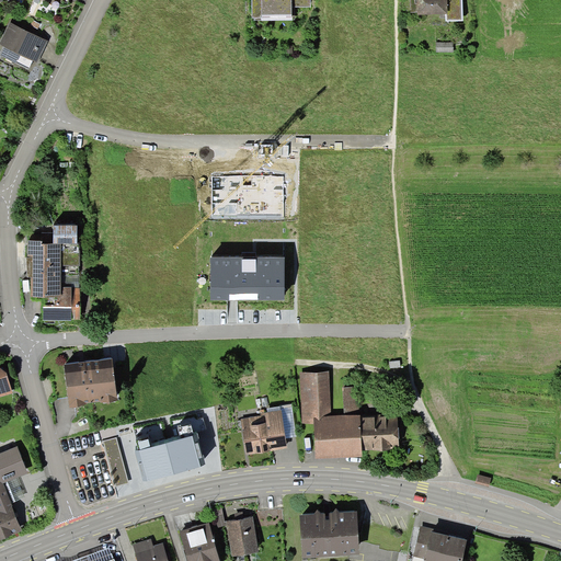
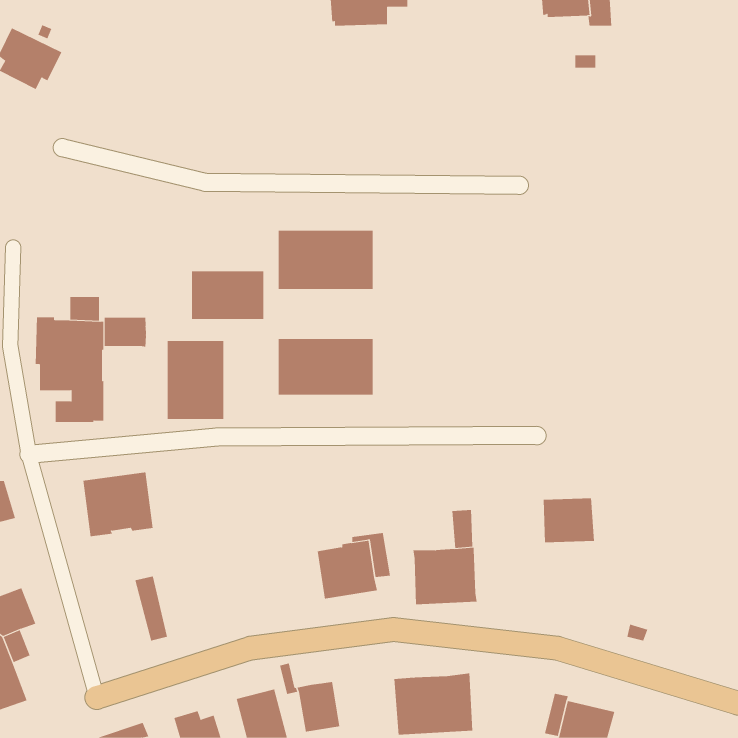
building: none -> [191,271,264,320]
building: none -> [104,317,146,348]
building: none -> [167,340,224,420]
building: [299,370,330,423] -> none
building: [359,415,399,449] -> [543,498,595,543]
building: [134,432,205,481] -> none

